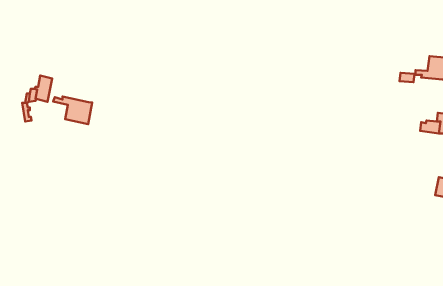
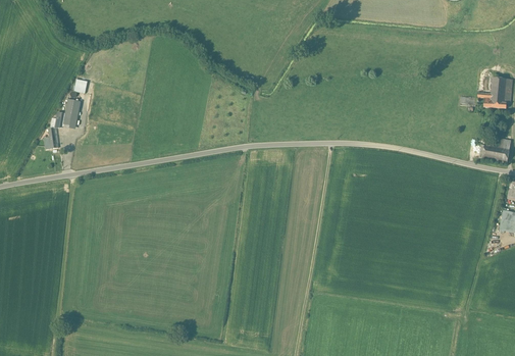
building: [53,96,92,124] -> none

